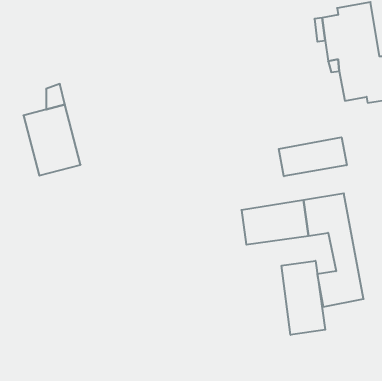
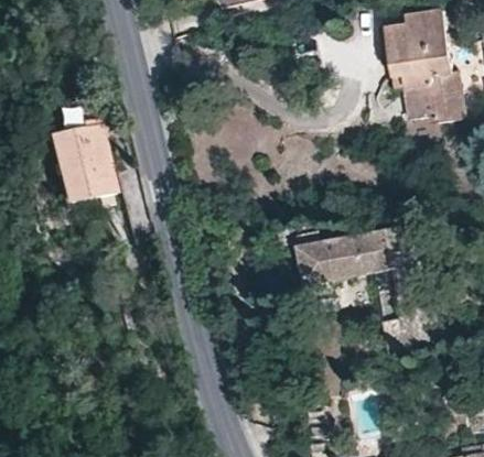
building: [279,137,347,176] -> none
building: [282,261,325,335] -> none

